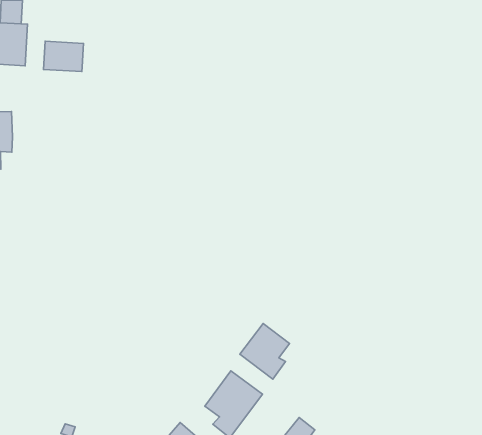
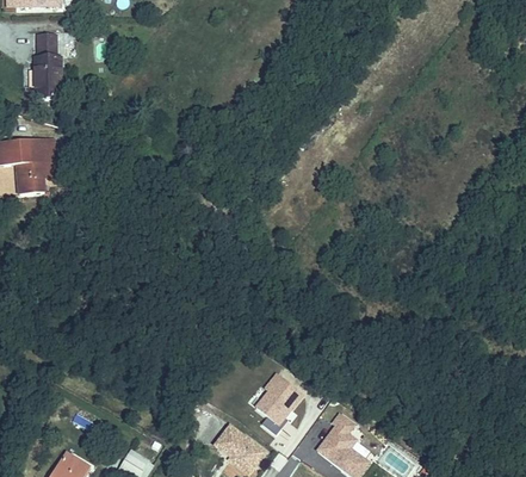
building: [44,41,84,72] -> none
building: [240,323,290,379] -> none

